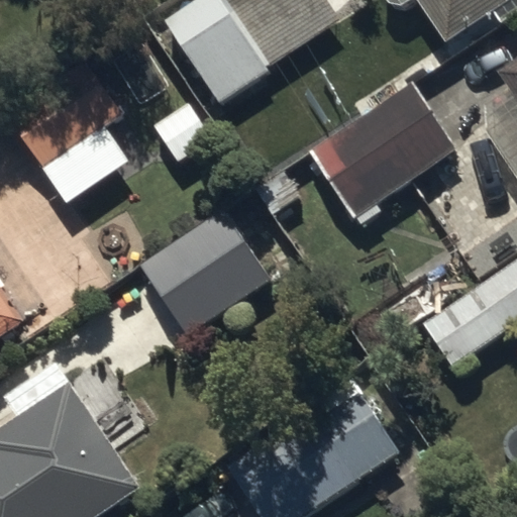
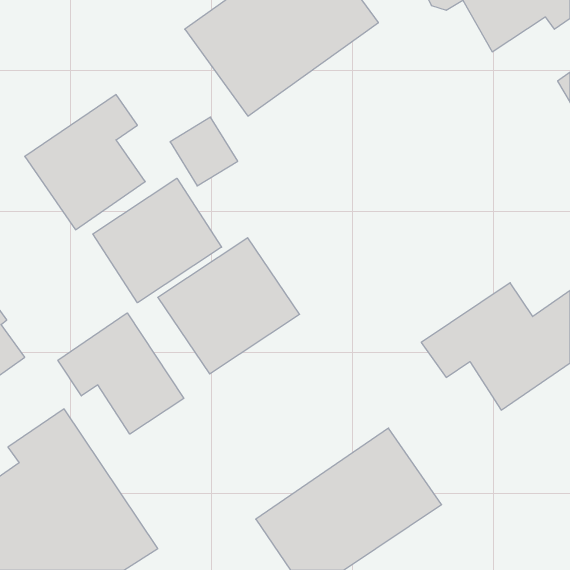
building: [308,83,458,227] -> none
building: none -> [93,178,222,303]
building: none -> [58,313,184,434]

